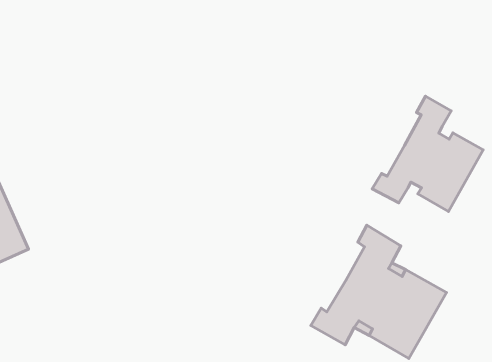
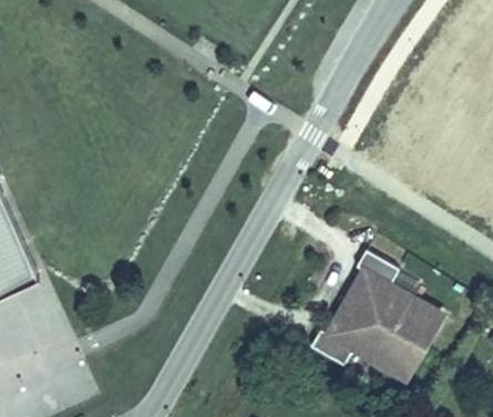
building: [372,96,483,212] -> none

